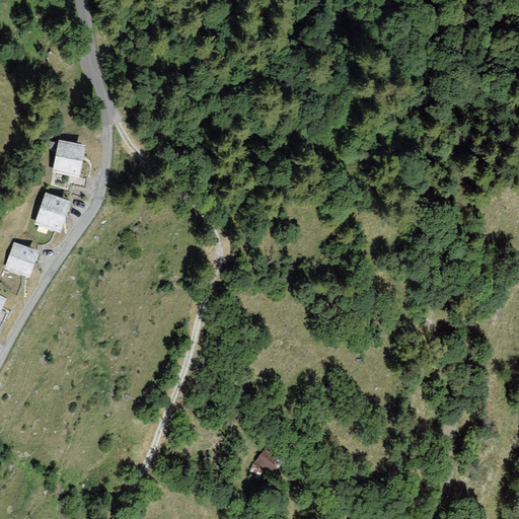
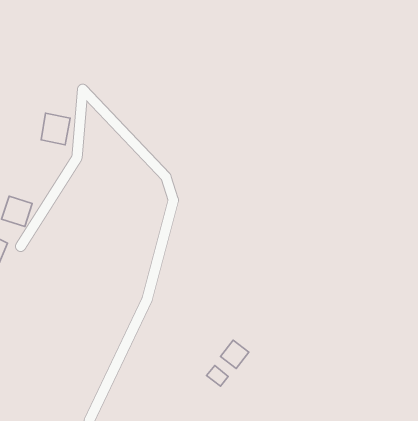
building: [33,192,72,232] -> none
building: none -> [221,340,249,368]

